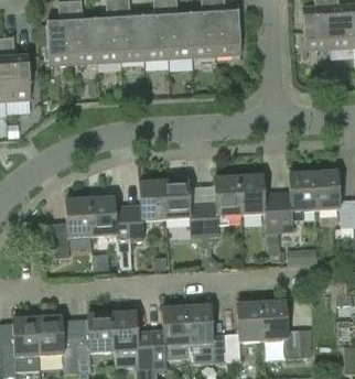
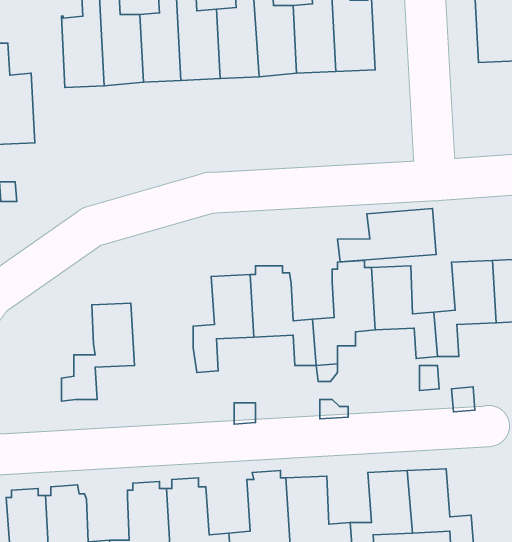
building: none -> [338,208,436,262]
building: [90,192,132,269] -> none

